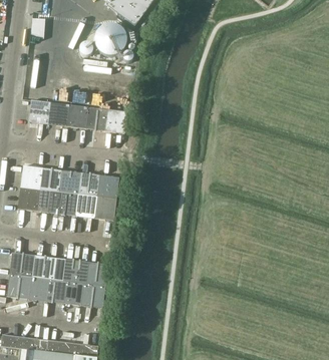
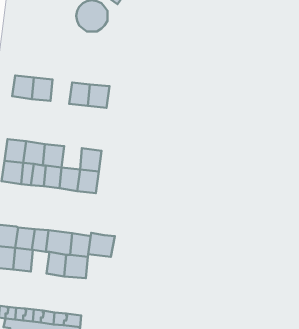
building: [67,103,89,128] -> none
building: [78,171,99,196] -> none
building: none -> [88,233,115,257]
building: [47,278,66,302] -> none

